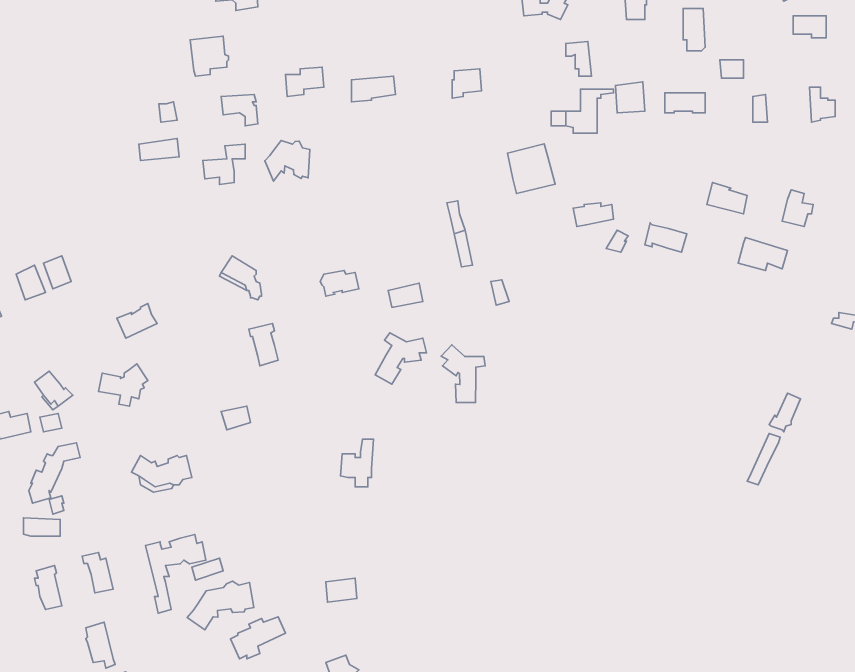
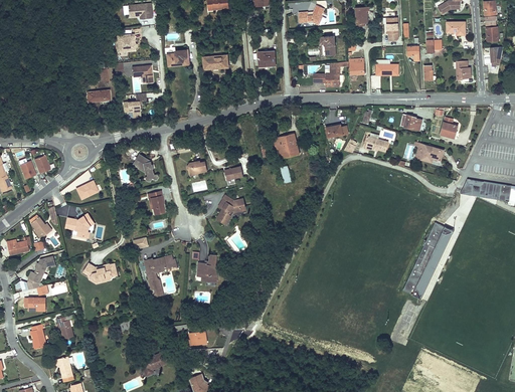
building: [265,140,310,181] -> none
building: [507,144,555,193] -> [274,133,300,160]
building: [441,345,485,402] -> none
building: [145,534,206,613] -> [145,254,178,298]
building: [187,581,254,630] -> none

